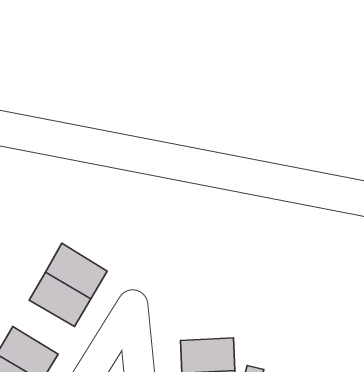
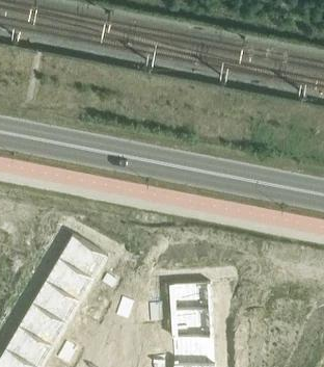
building: none -> [31,281,82,325]
building: none -> [167,283,213,314]

